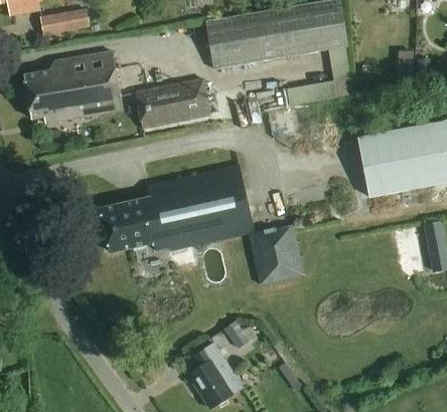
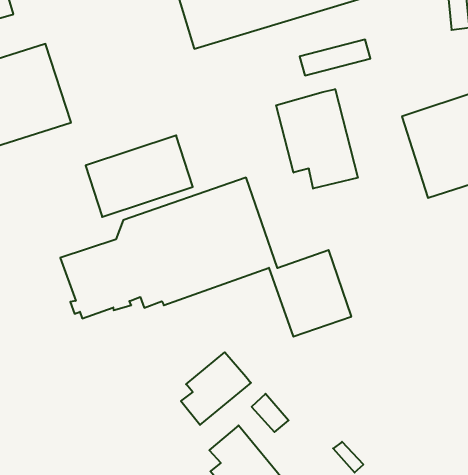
building: [135,77,209,129] -> [86,135,193,217]
building: none -> [276,89,358,189]
building: none -> [181,352,251,425]

